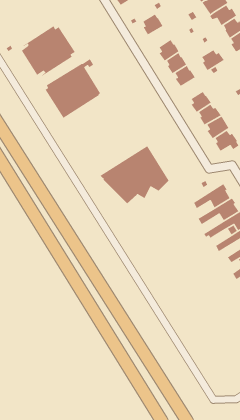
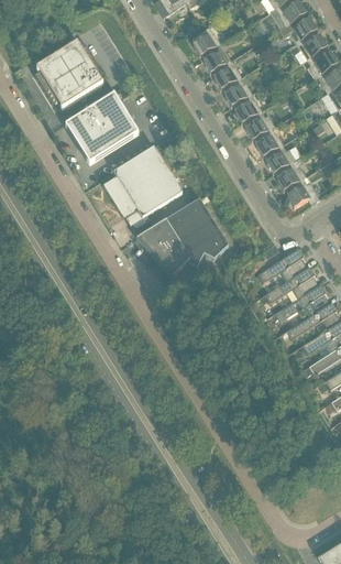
building: none -> [199,43,230,73]
building: [199,49,225,71] -> [242,110,275,140]
building: none -> [102,147,182,229]

